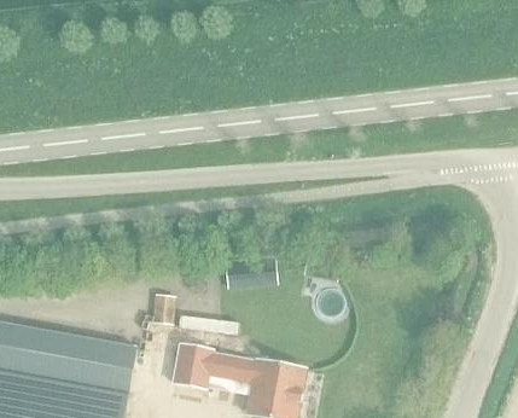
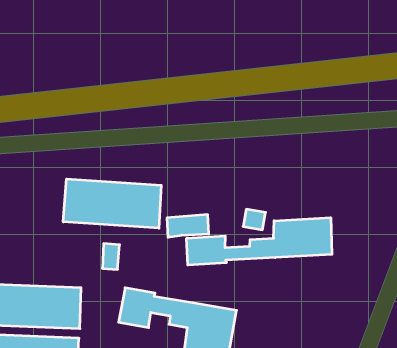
building: none -> [63,179,161,228]
building: none -> [187,218,332,265]

